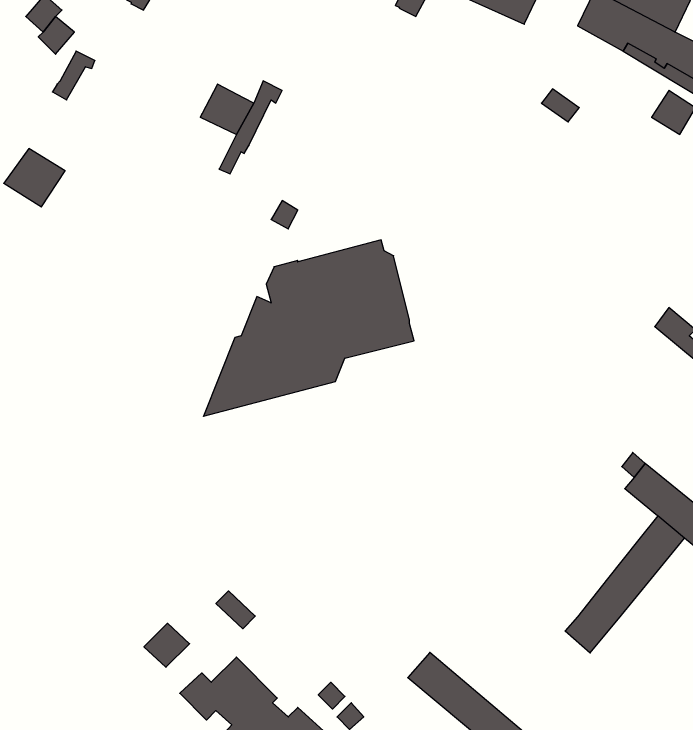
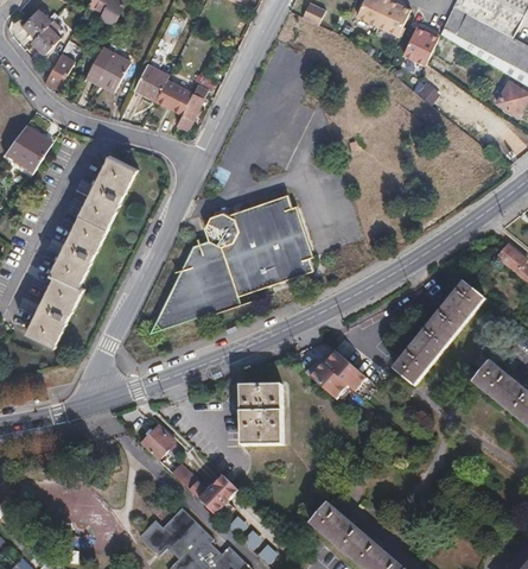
building: none -> [403,23,439,61]
building: none -> [85,45,129,90]
building: none -> [134,64,168,99]
building: none -> [26,154,136,346]
building: none -> [305,352,367,399]
building: none -> [240,385,284,445]
building: [565,516,685,653] -> [394,283,484,386]
building: none -> [189,475,237,514]
building: [144,623,190,667] -> [140,426,174,460]

